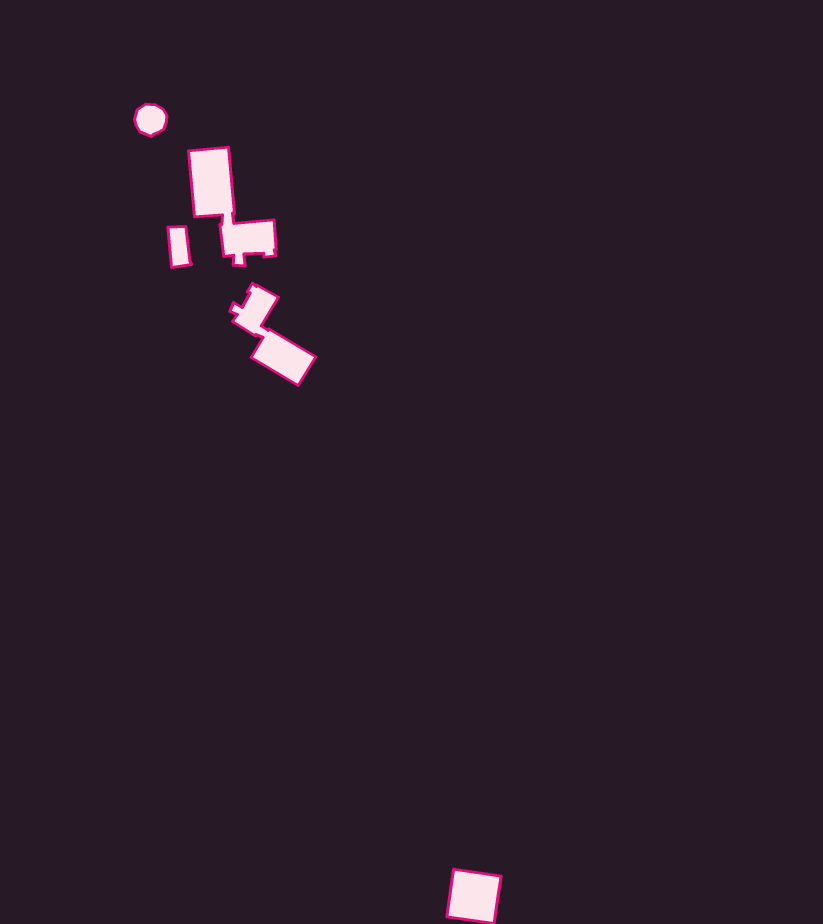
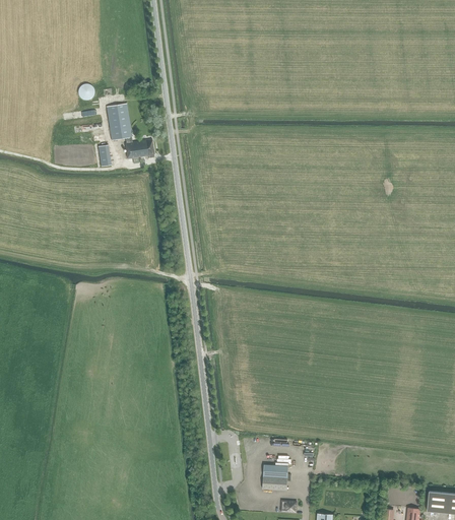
building: [230,283,316,385] -> none

